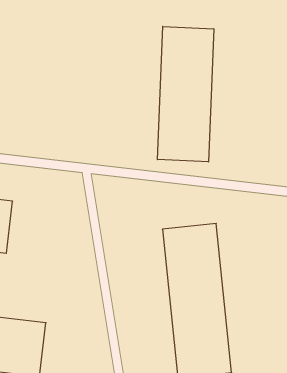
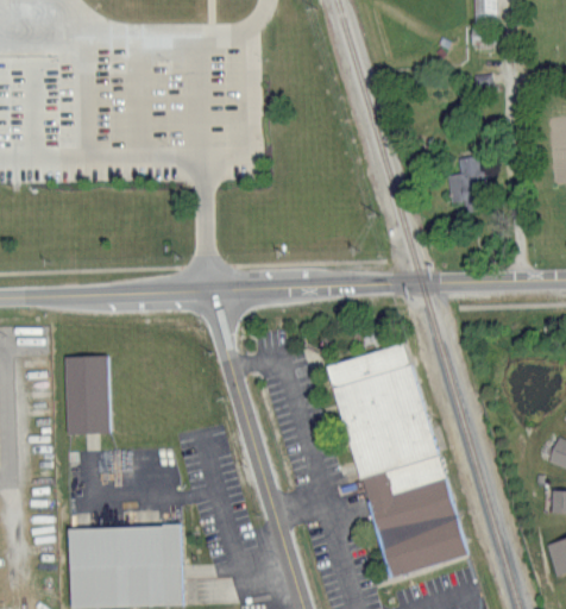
building: [157,26,214,162] -> none
building: none -> [447,155,485,212]

